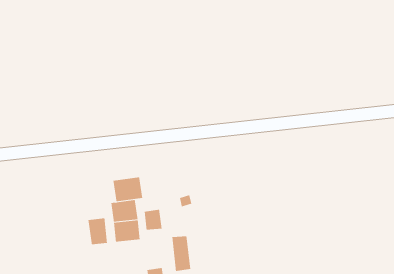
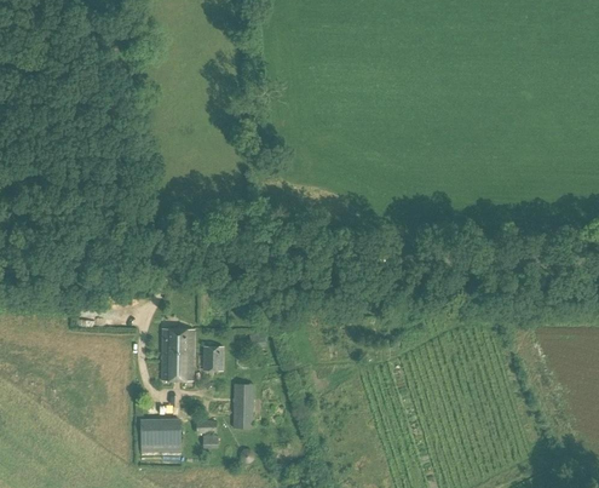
building: [113,176,143,202] -> none
building: [88,218,108,245] -> none

